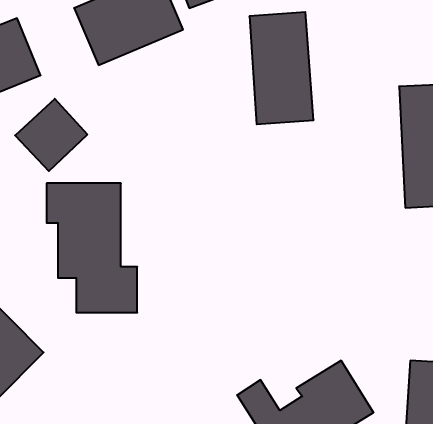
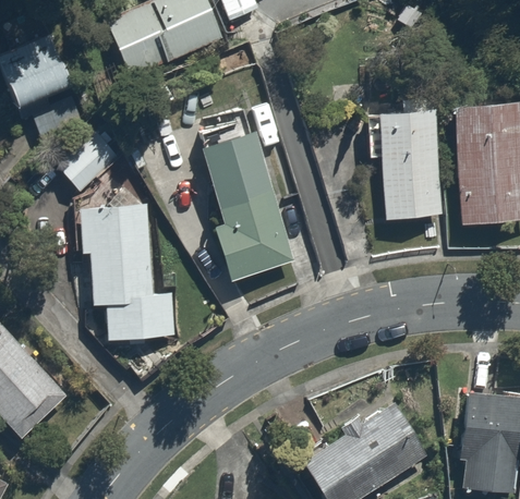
building: [249,12,314,124] -> [373,100,442,220]
building: none -> [201,127,289,278]

